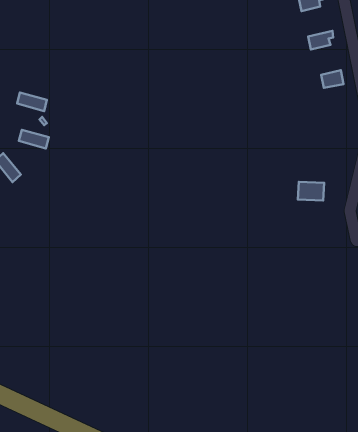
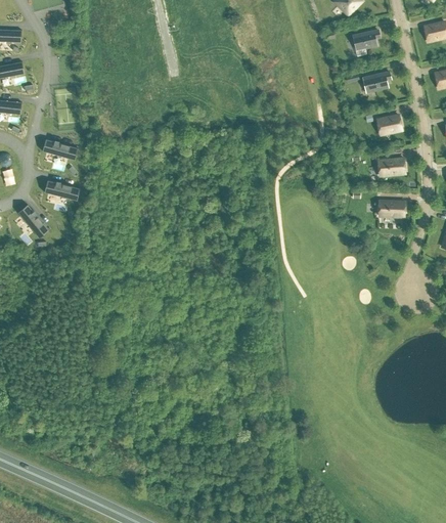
building: none -> [378,158,405,176]
building: [298,182,324,201] -> [377,199,406,219]

